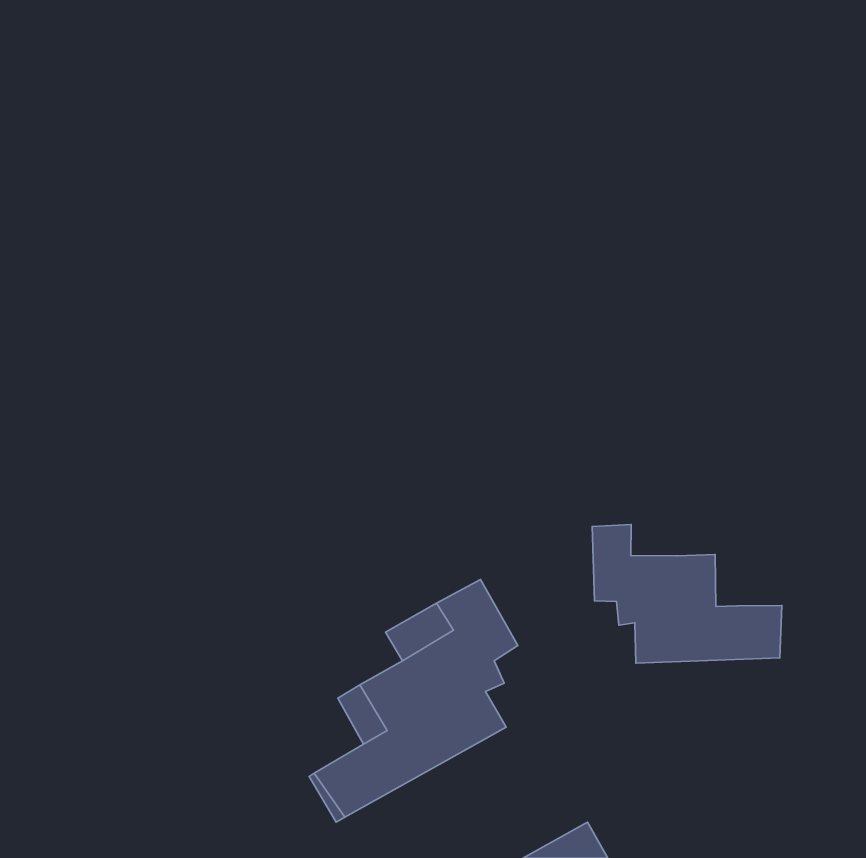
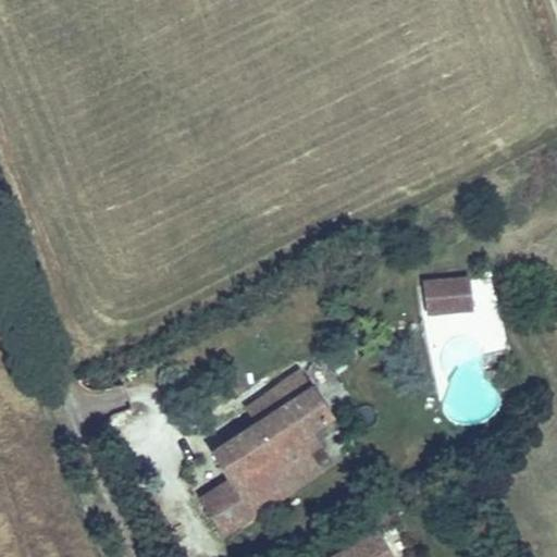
building: none -> [422,282,463,312]
building: [592,524,782,663] -> none

